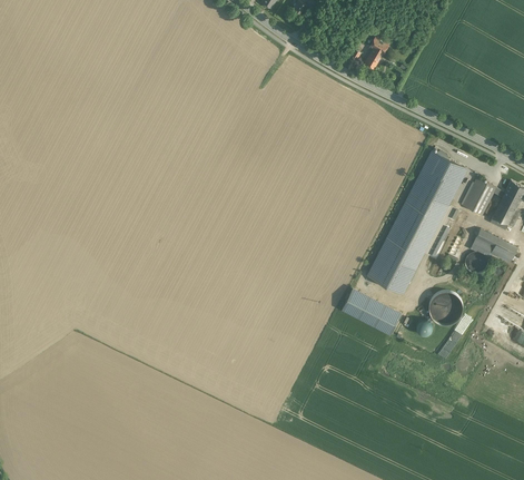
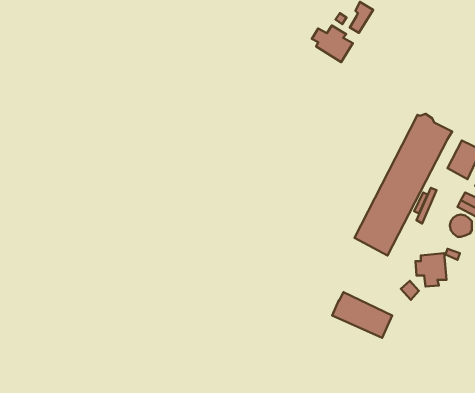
building: none -> [312,25,353,62]
building: [342,288,402,334] -> [332,292,392,338]

